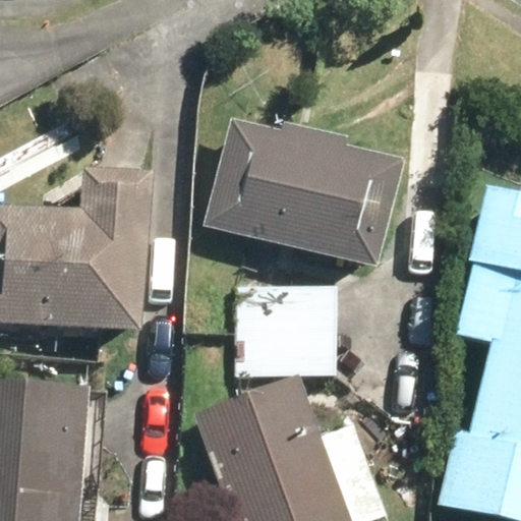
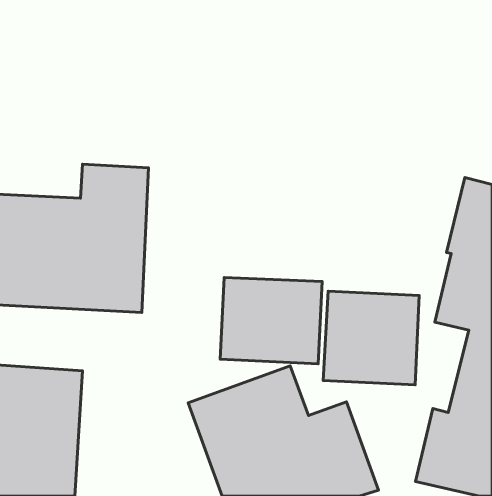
building: [210,121,401,266] -> none
building: none -> [323,291,419,385]

